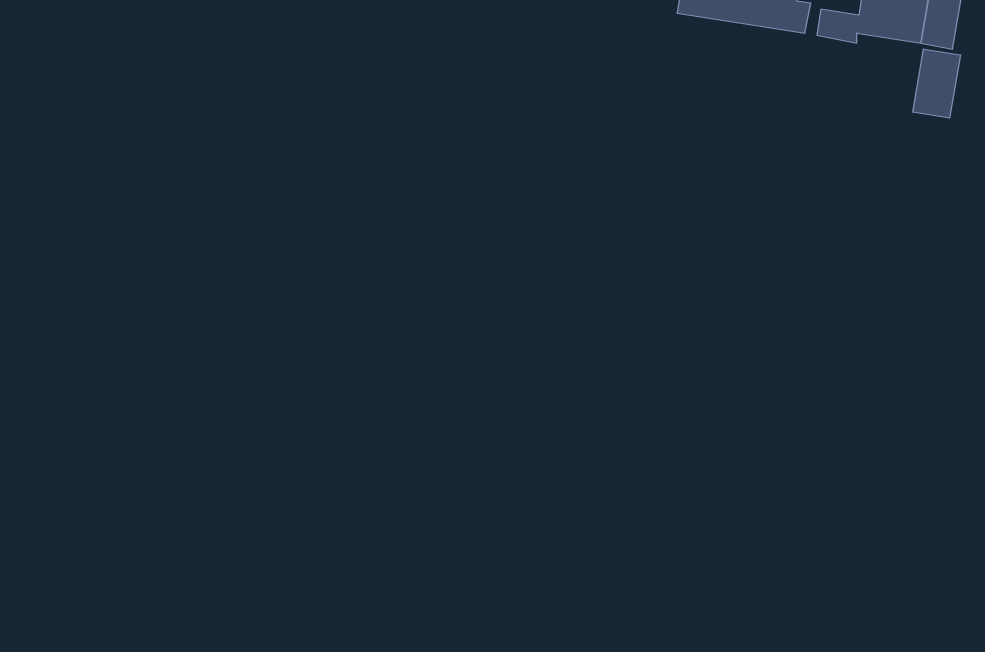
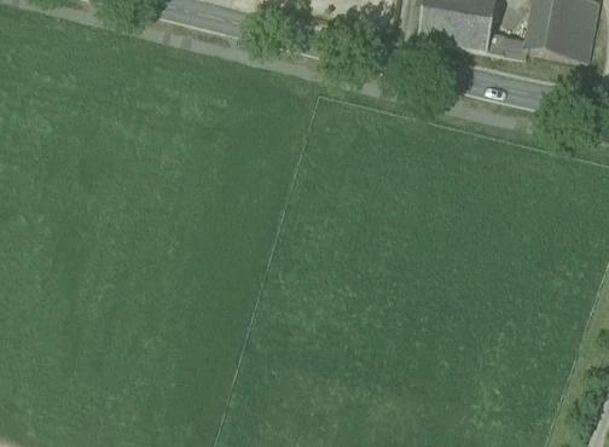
building: [913,49,960,118] -> none

